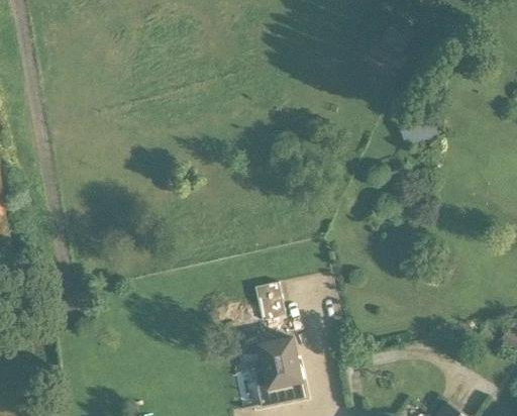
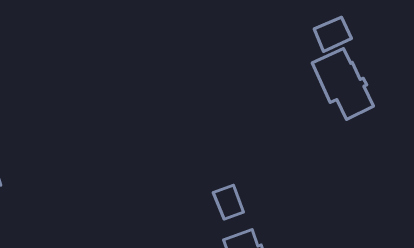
building: none -> [312,48,373,119]

